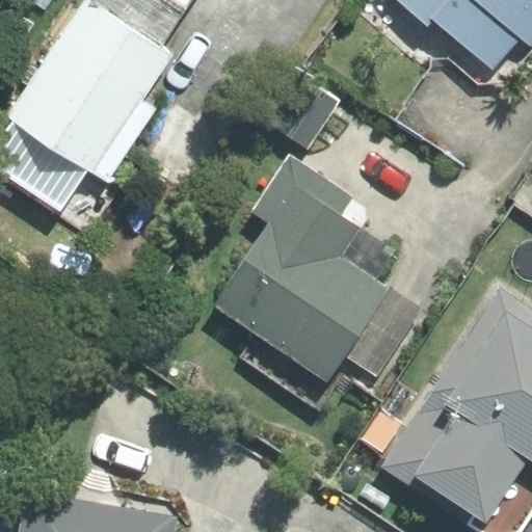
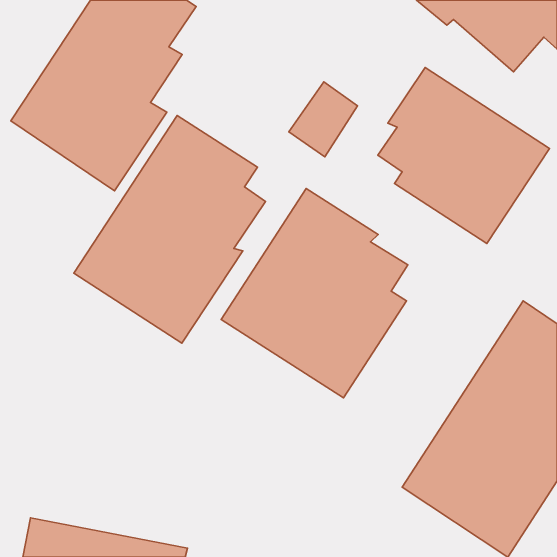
building: none -> [378,67,550,244]
building: none -> [74,115,265,343]

